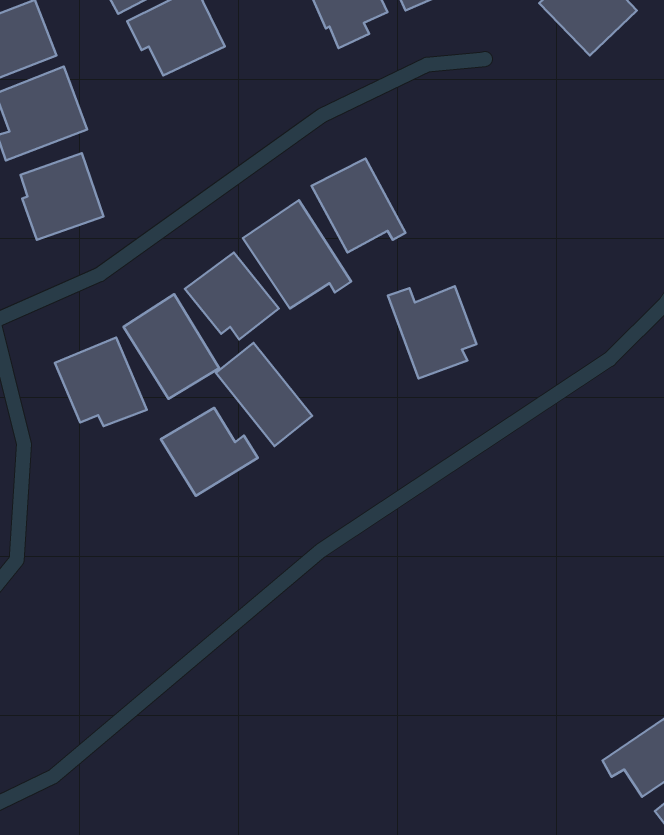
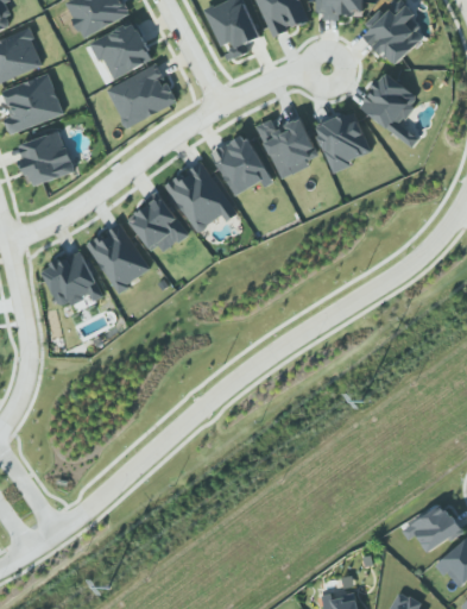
building: none -> [106,63,177,127]
building: none -> [358,71,418,146]
building: none -> [314,111,372,170]
building: [388,286,476,379] -> [258,118,316,178]
building: [216,343,312,446] -> none
building: [161,408,258,496] -> none

